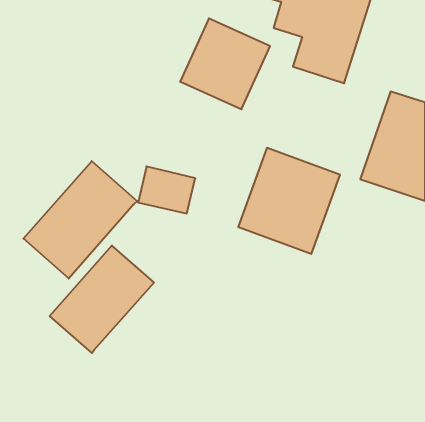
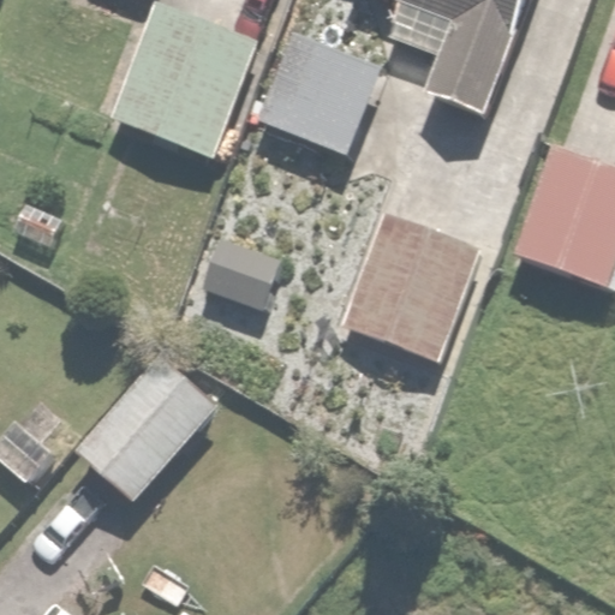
building: none -> [108,5,262,155]
building: [23,161,137,279] -> none

